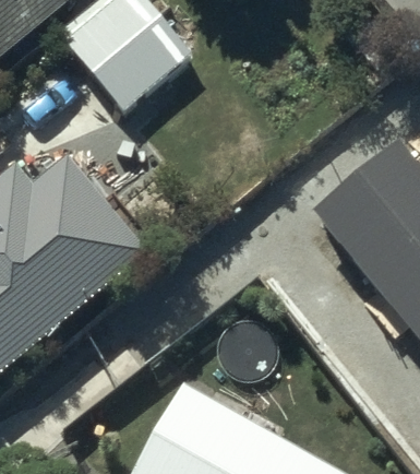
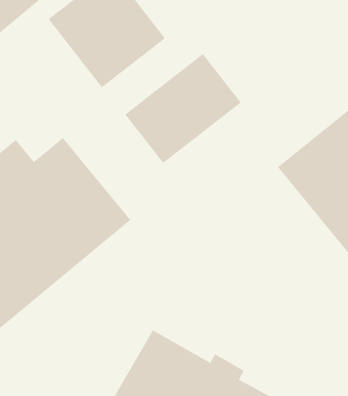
building: none -> [125,53,241,164]

